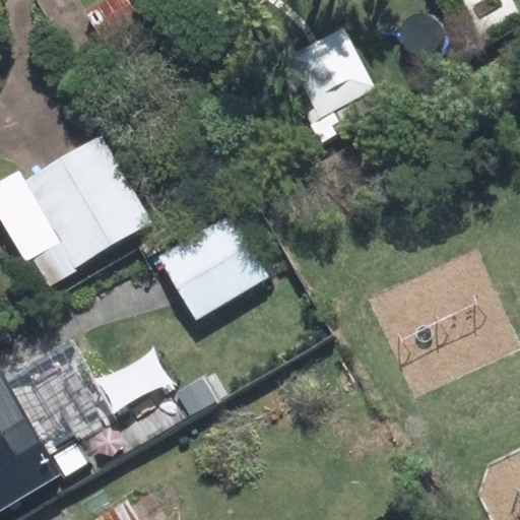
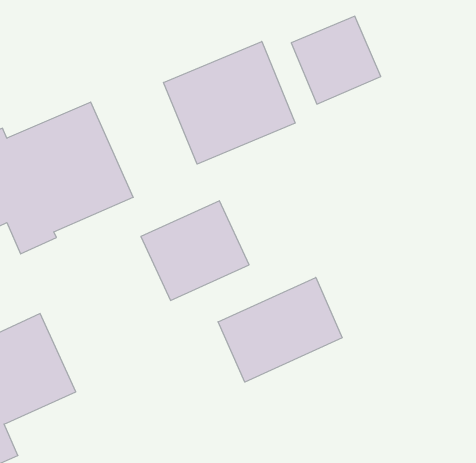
building: none -> [164,41,295,164]
building: none -> [218,277,342,382]

